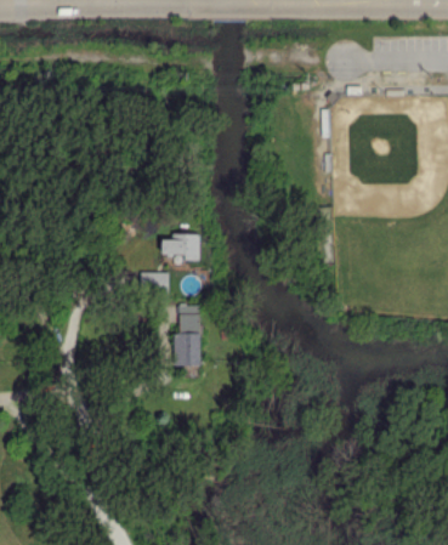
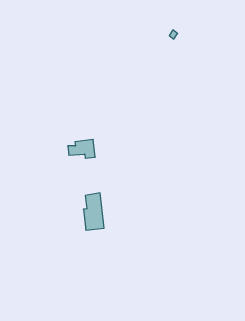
building: [140,273,169,295] -> none

